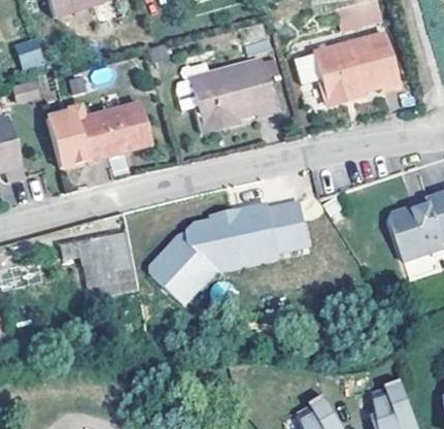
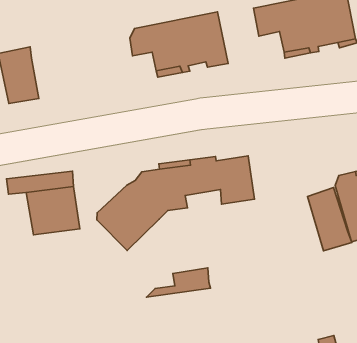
building: [76,102,150,159] -> none
building: none -> [308,187,352,251]
building: [216,238,280,272] -> [147,268,210,297]

